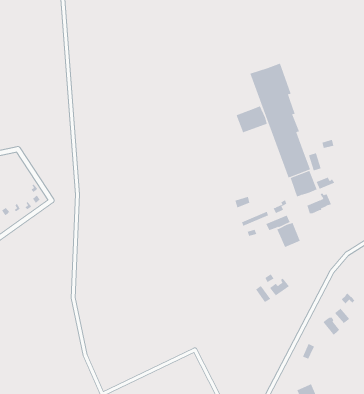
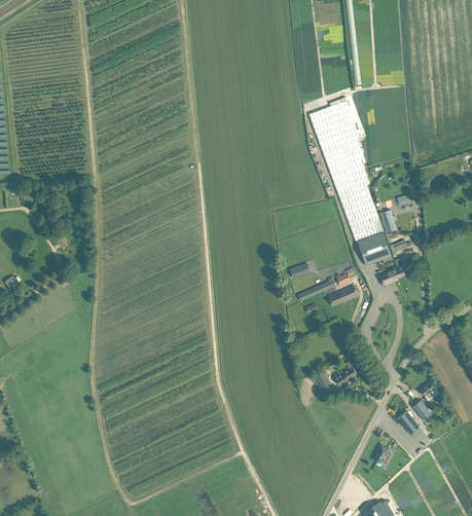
building: [236,105,268,133] -> none
building: [276,222,301,248] -> none

